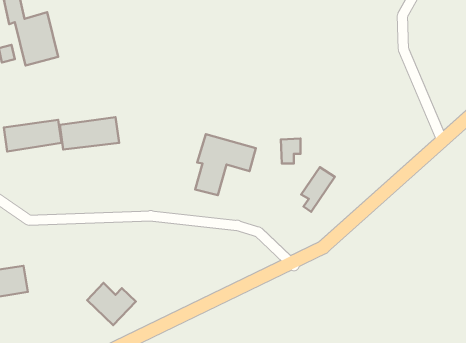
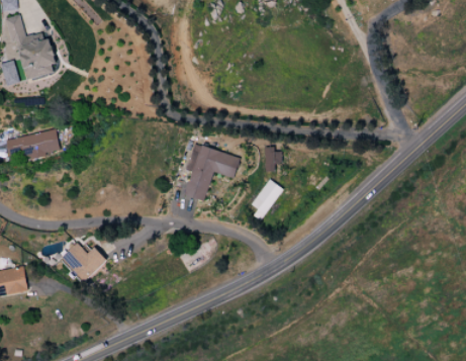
building: [60,117,119,149] -> none
building: [301,167,335,212] -> [251,179,282,220]
building: [87,283,136,325] -> [61,242,106,281]

